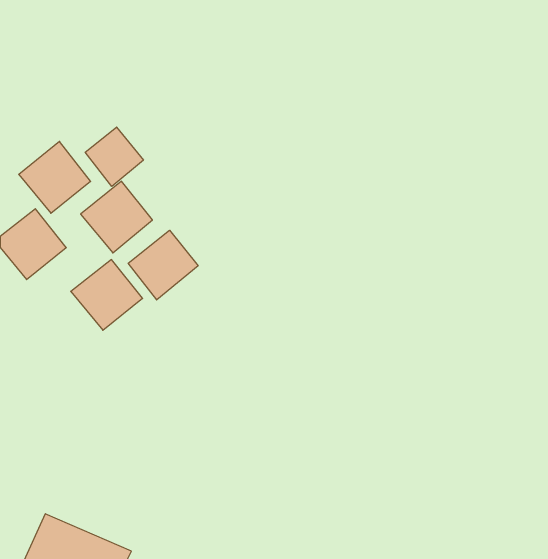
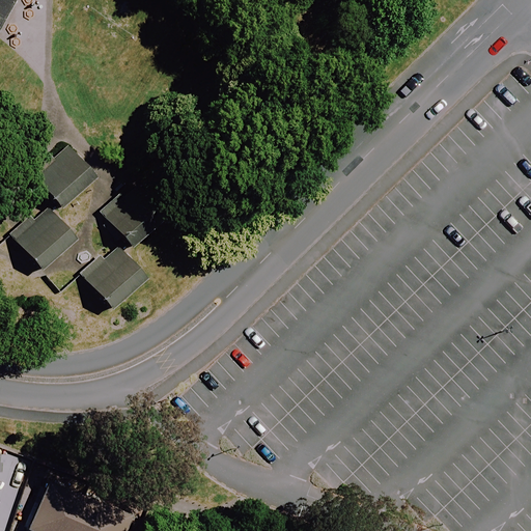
building: [85,127,143,186] -> none
building: [128,230,198,300] -> none

